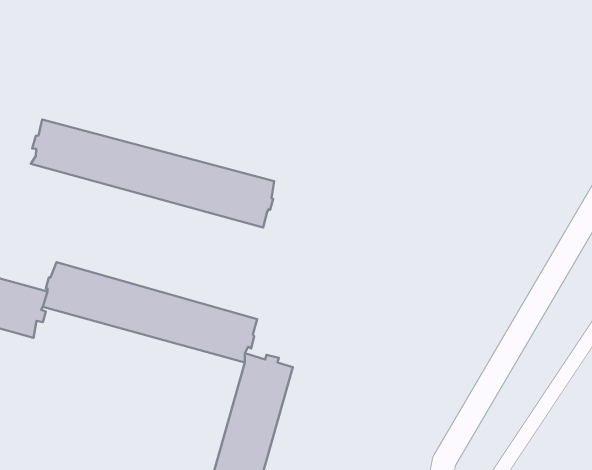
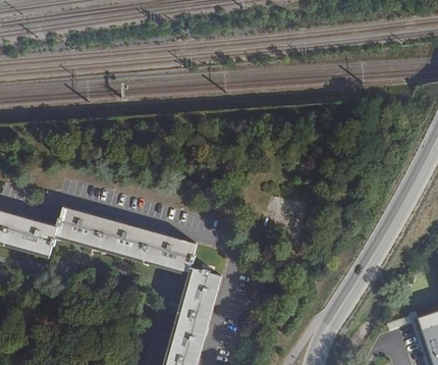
building: [31,120,274,228] -> none

